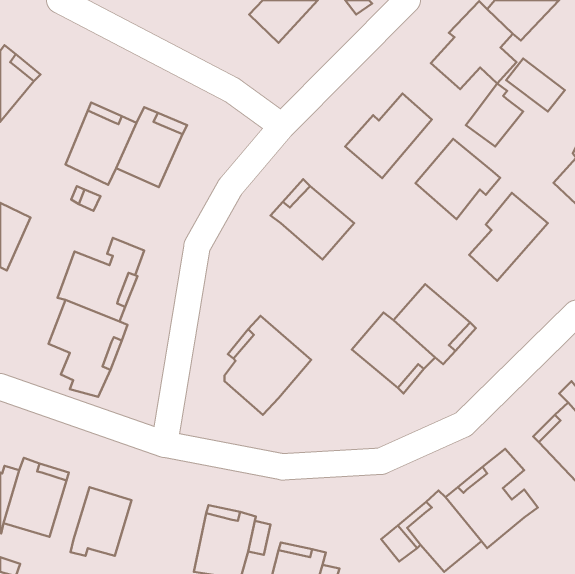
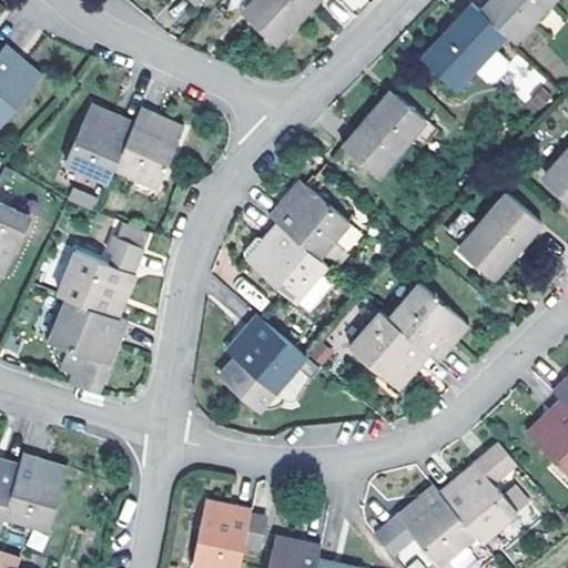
building: [466,83,523,146] -> none
building: [416,139,500,219] -> none
building: none -> [244,222,327,300]
building: [71,487,131,556] -> none

